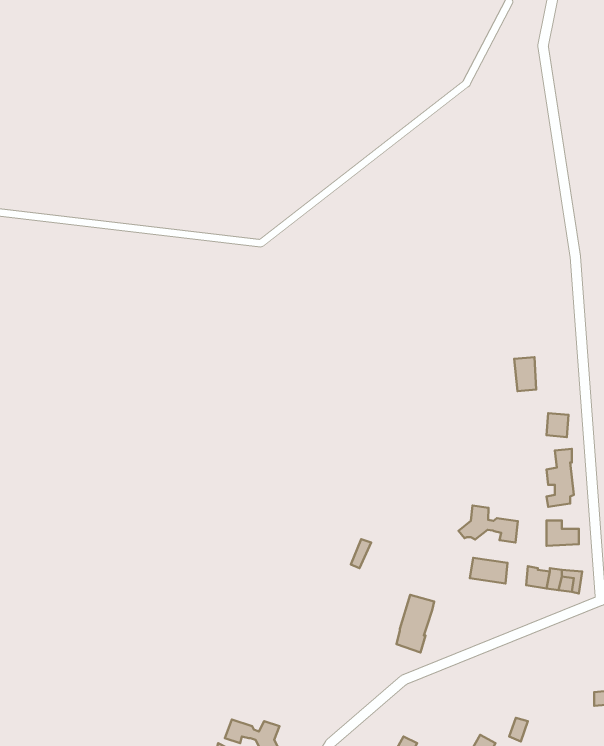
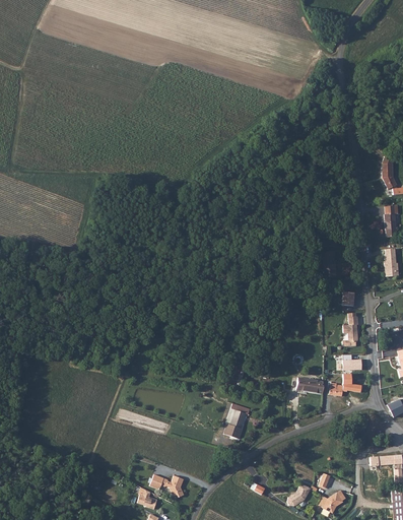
building: [459,505,518,542] -> none
building: [397,595,434,653] -> [222,403,245,438]

